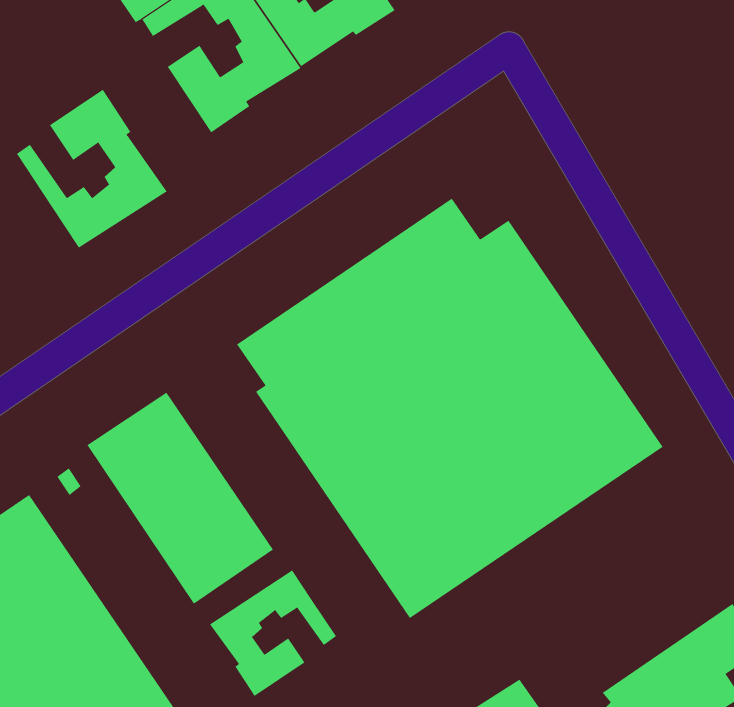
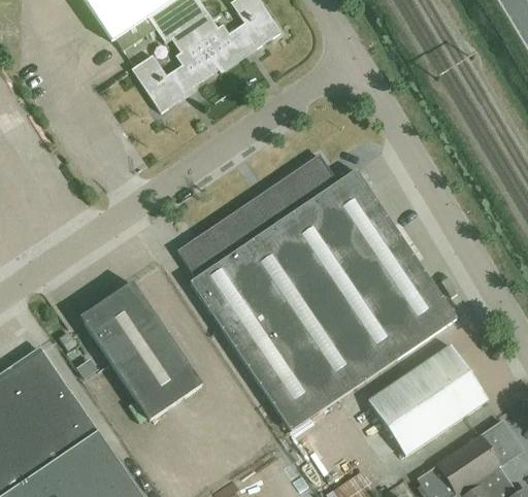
building: [16,89,170,248] -> none
building: none -> [368,344,488,456]
building: [206,570,337,697] -> none

